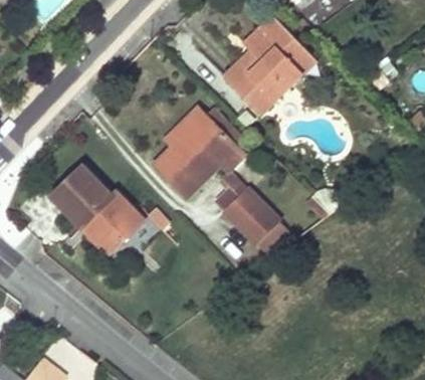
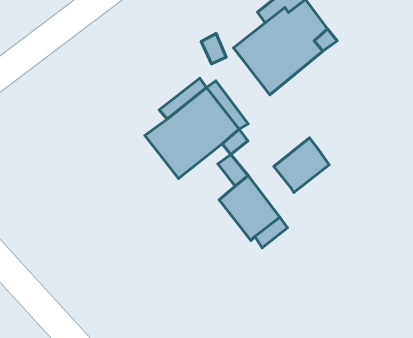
building: none -> [274,138,329,192]
building: [53,170,145,249] -> none

